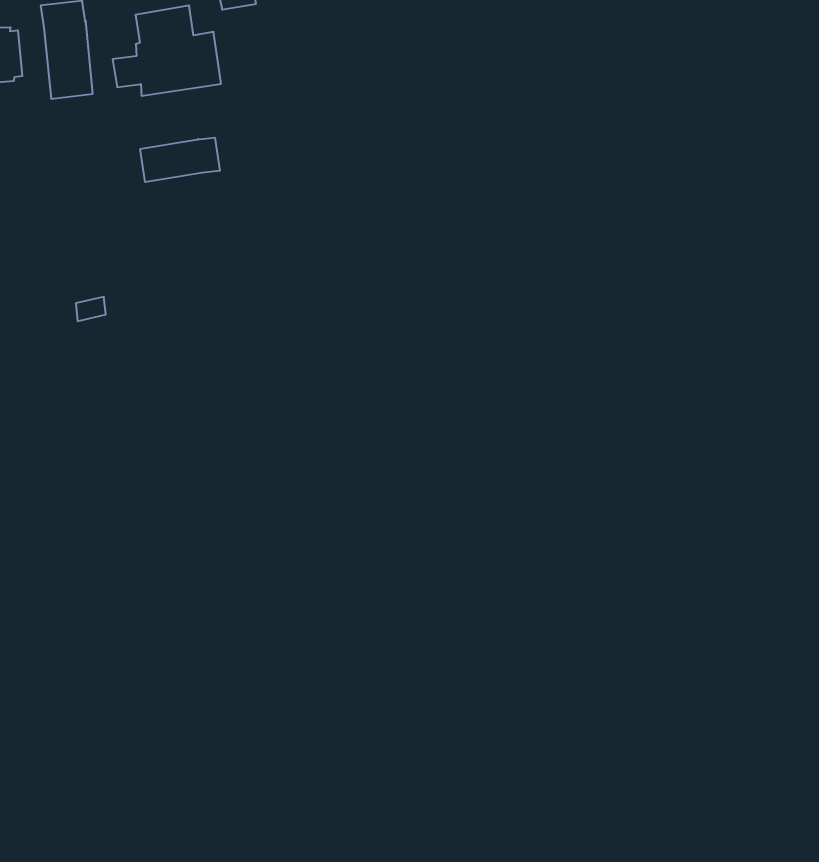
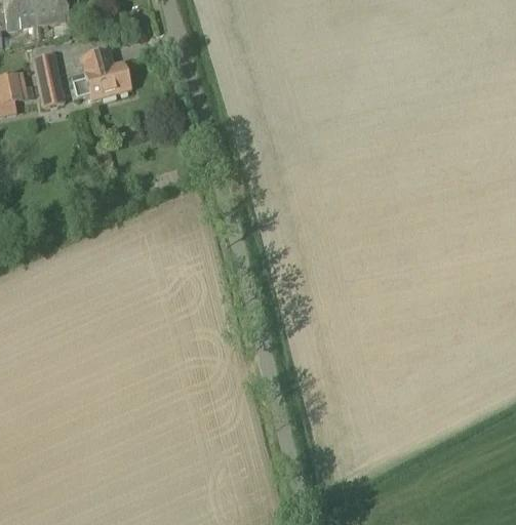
building: [140,138,220,182] -> none

